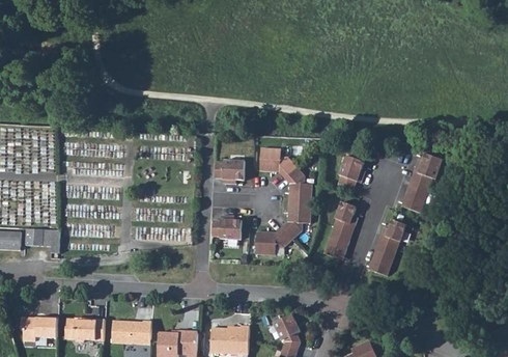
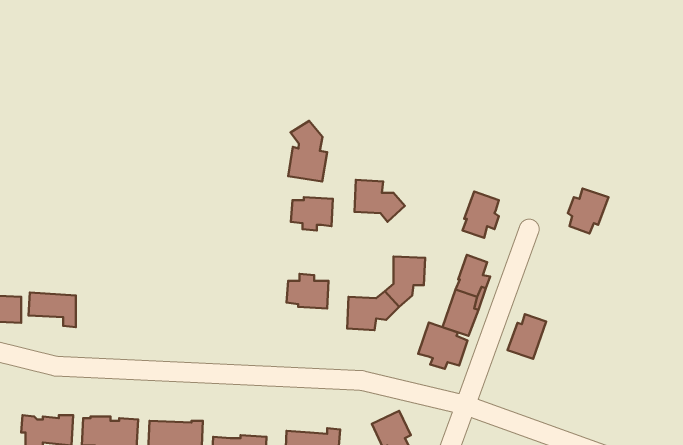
building: none -> [288,121,327,182]
building: [283,166,311,203] -> none
building: [400,181,428,213] -> none
building: [380,220,406,249] -> none
building: none -> [418,322,468,369]

